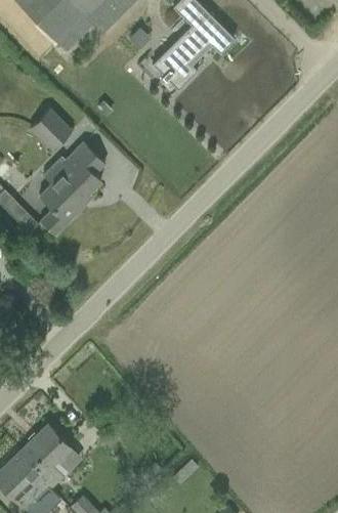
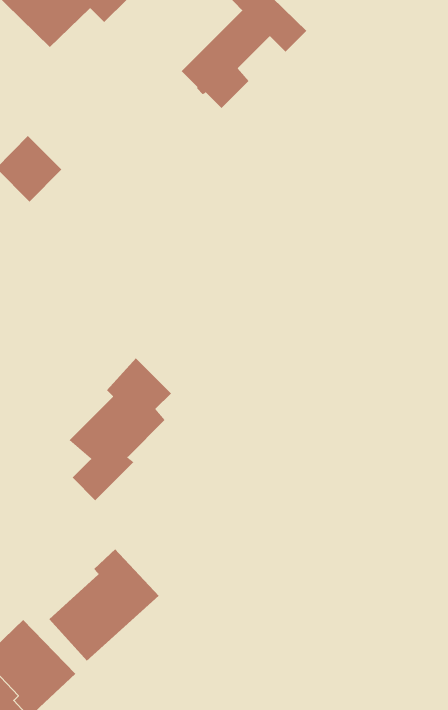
building: [38,140,105,234] -> [69,357,172,501]
building: none -> [49,548,159,662]

